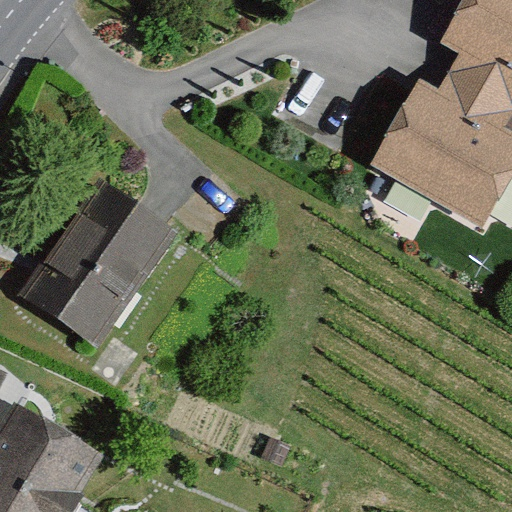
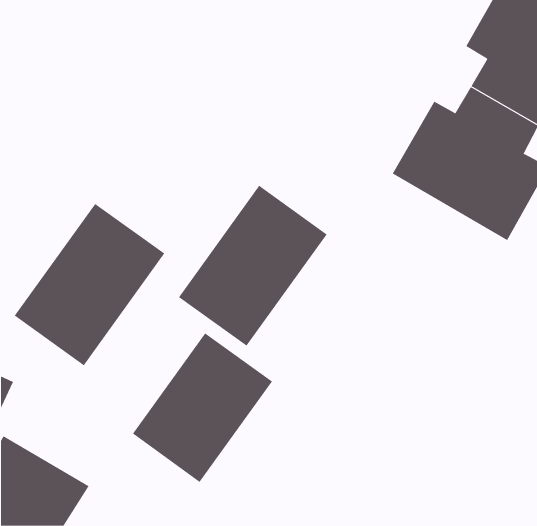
building: none -> [178,185,327,347]
building: none -> [132,332,273,483]

